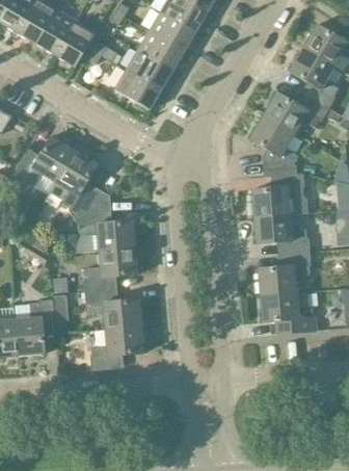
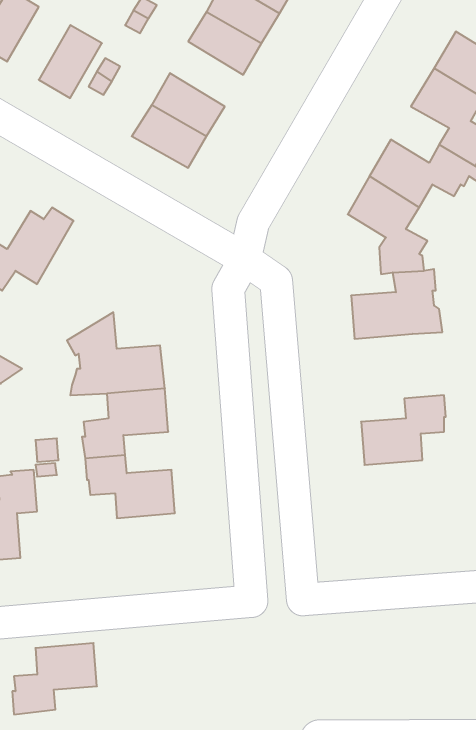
building: [36,8,76,54] -> none
building: [138,30,184,71] -> none
building: [49,142,103,217] -> none
building: [253,213,310,254] -> none
building: [260,291,317,334] -> none
building: [90,325,143,370] -> [12,643,97,714]

